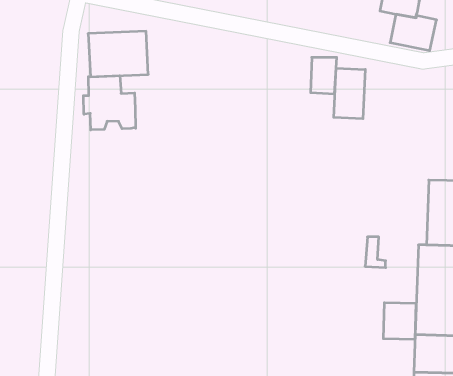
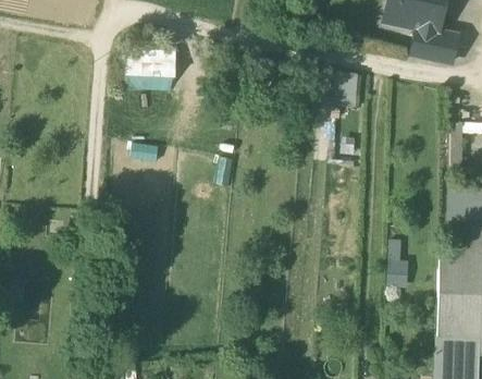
building: [334,68,365,119] -> none
building: [83,76,136,130] -> none
building: [383,303,416,340] -> none

